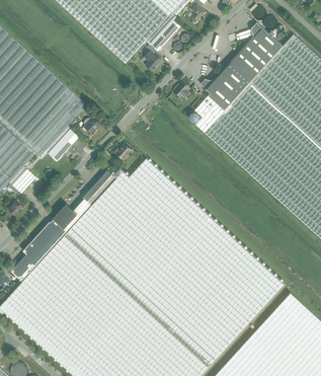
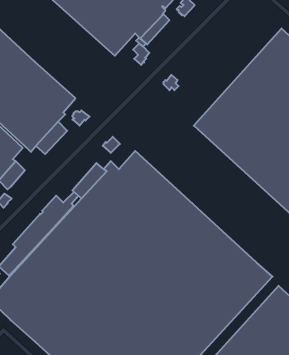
building: [195,22,283,133] -> none

